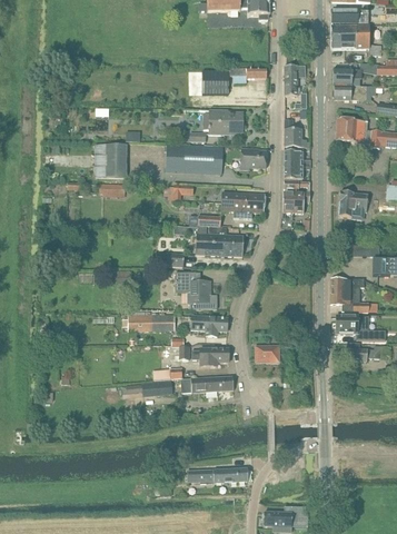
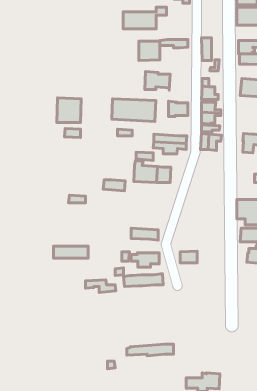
building: none -> [123,7,167,29]
building: [176,271,218,308] -> none
building: [129,314,175,329] -> [54,246,88,258]

